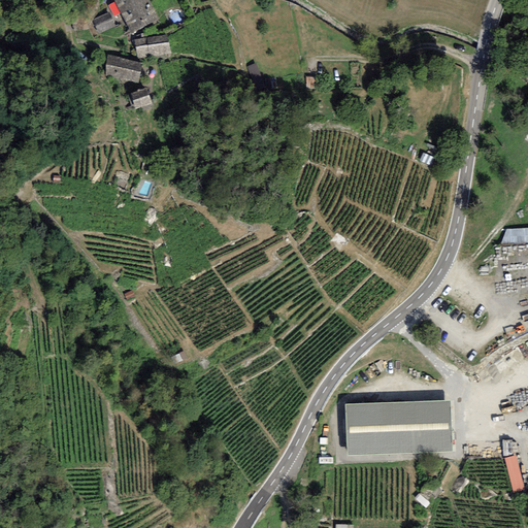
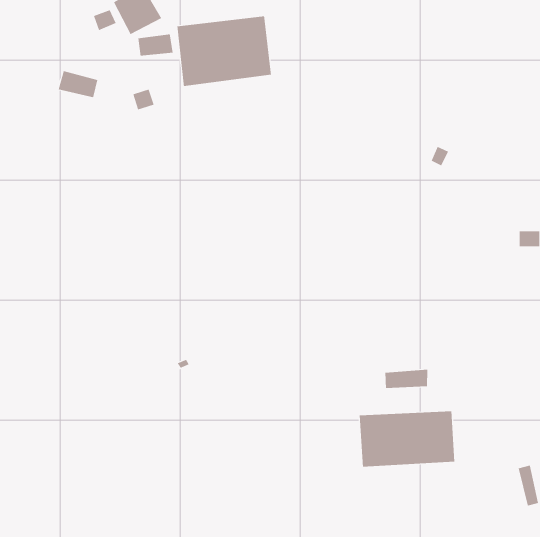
building: none -> [177,15,271,87]
building: [102,53,141,79] -> [58,70,98,98]
building: none -> [385,369,428,389]

